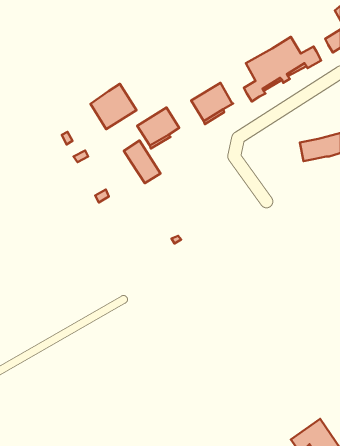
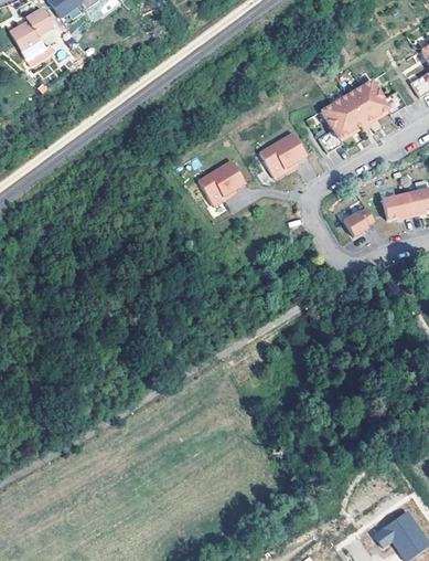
building: [90,84,137,129] -> none
building: [124,141,160,183] -> none
building: none -> [344,210,374,237]

